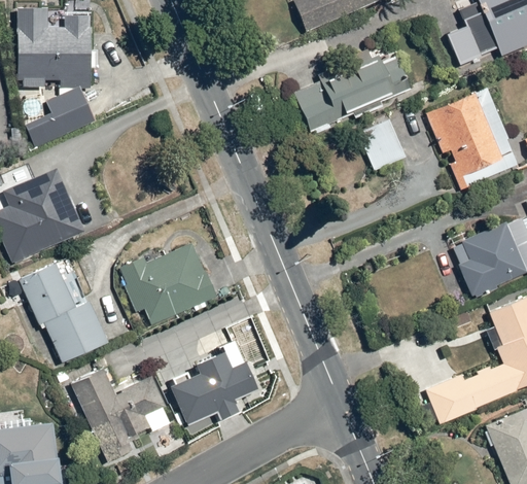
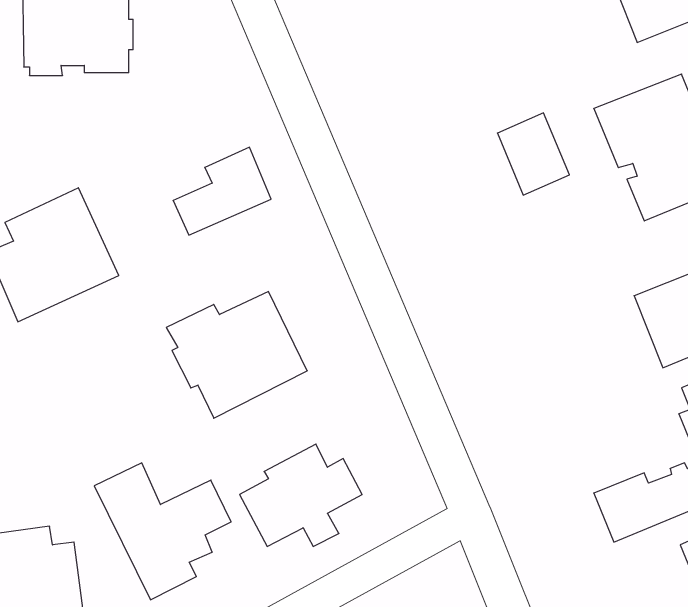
building: [293,45,412,136] -> none
building: [25,88,95,150] -> [173,147,271,235]
building: [20,262,112,364] -> none

